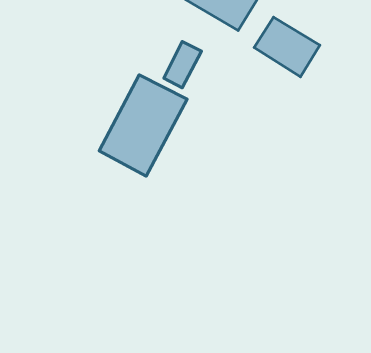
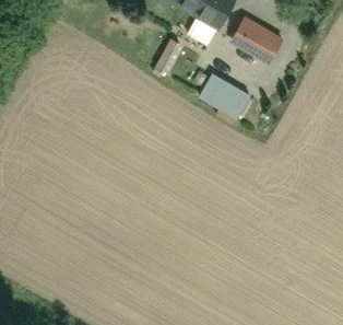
building: [99,75,187,176] -> none
building: none -> [200,72,248,116]

